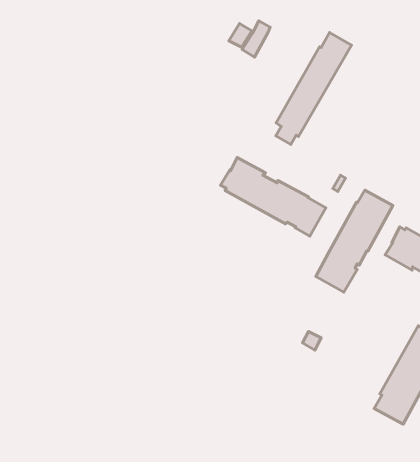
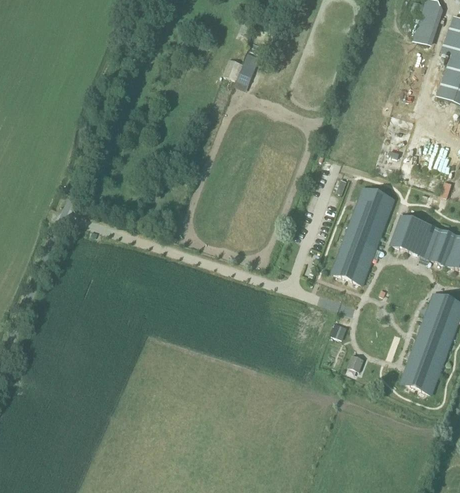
building: [276,32,352,144] -> none
building: [221,158,326,236] -> none

